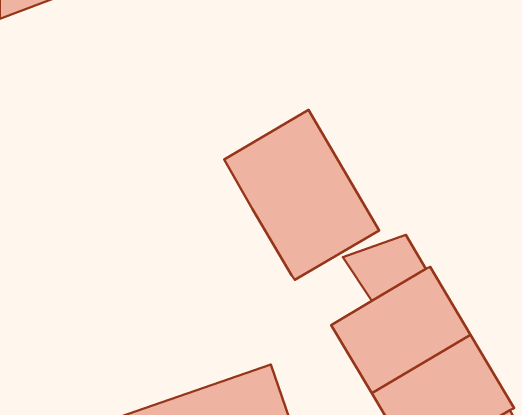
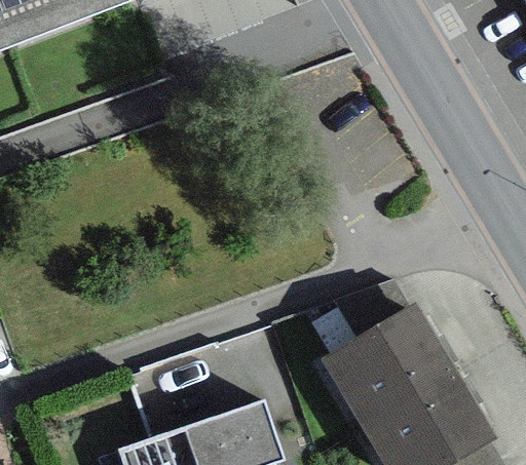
building: [224,110,379,280] -> none

